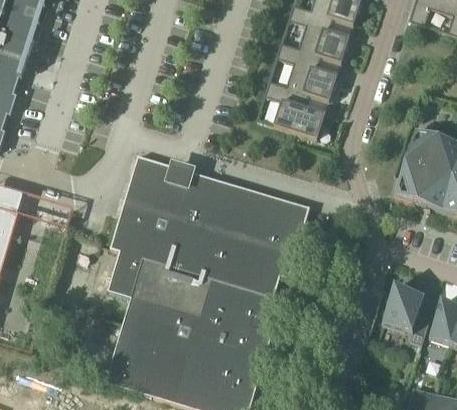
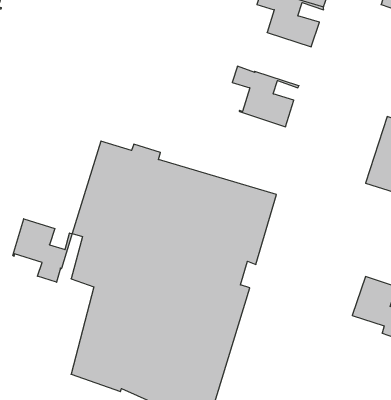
building: [277,41,342,98] -> none
building: none -> [13,219,72,282]

